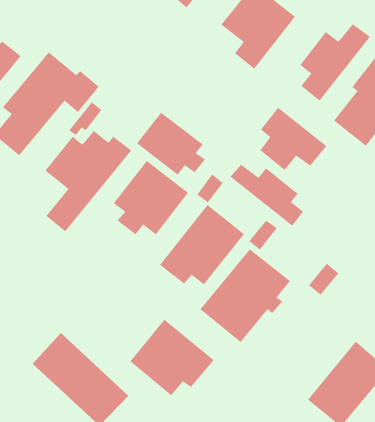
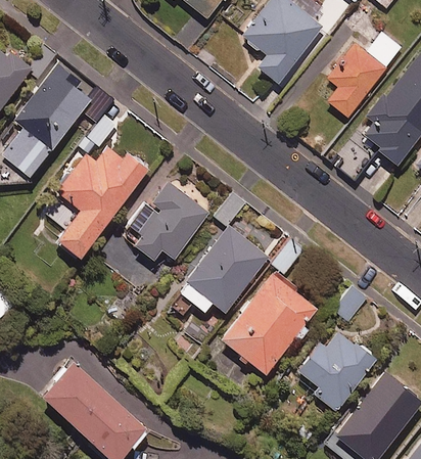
building: [259,107,327,171] -> none
building: [136,112,206,175] -> none
building: [230,164,304,227] -> none
building: none -> [298,330,376,410]
building: [129,319,214,396] -> none

